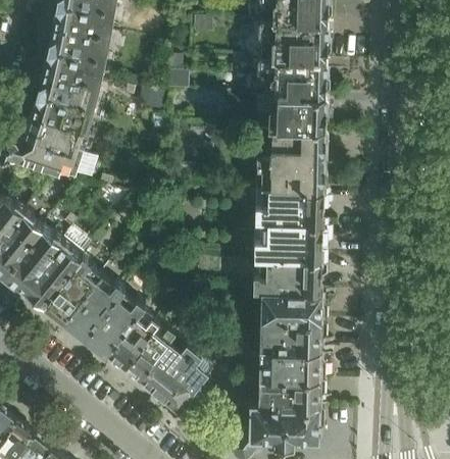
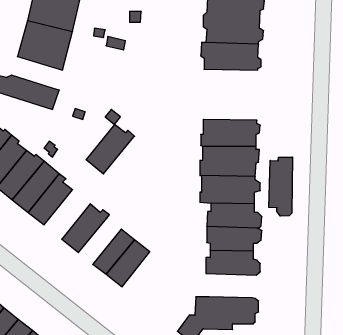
building: [23,115,86,154] -> none
building: [255,131,327,193] -> none
building: none -> [269,157,293,216]
building: [63,277,122,338] -> [86,124,135,174]
building: [105,312,157,368] -> none
building: [158,353,212,412] -> none
building: [259,379,326,409] -> none

